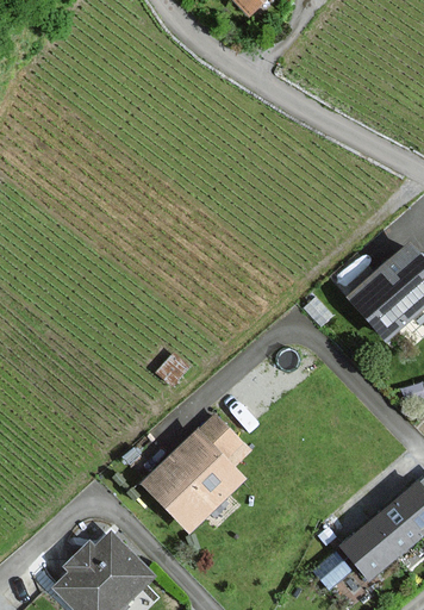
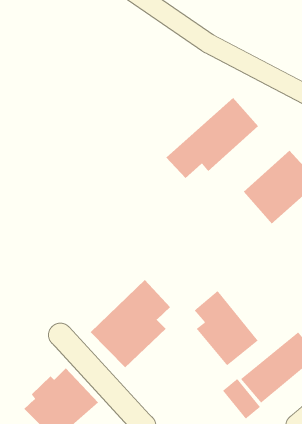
building: none -> [166,97,259,179]
building: none -> [194,290,259,366]

